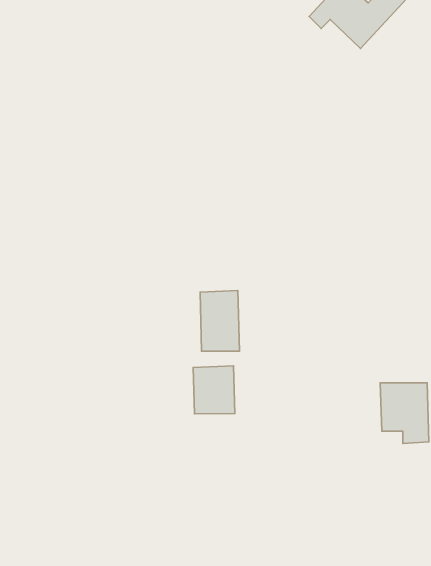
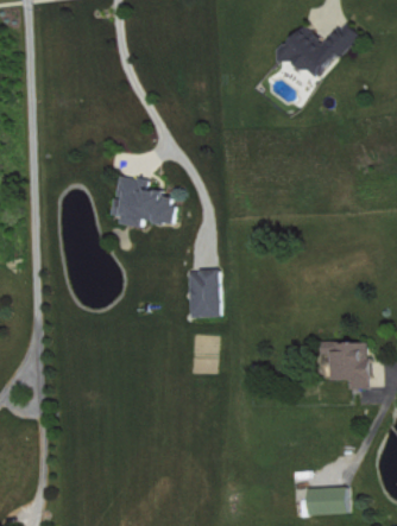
building: none -> [112,176,175,227]
building: [193,366,235,414] -> none

